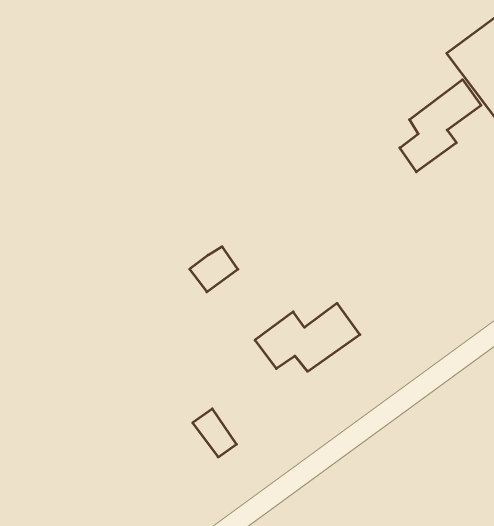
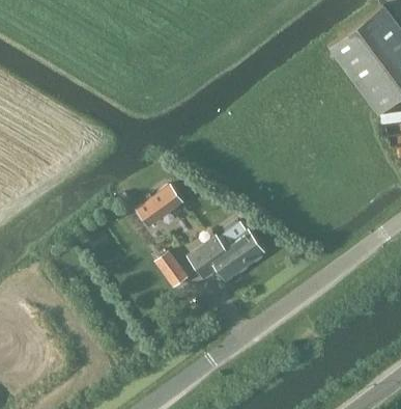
building: [400,80,481,172] -> none
building: [193,409,237,457] -> [156,252,189,288]

